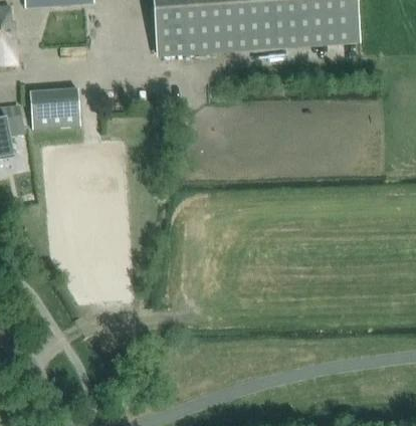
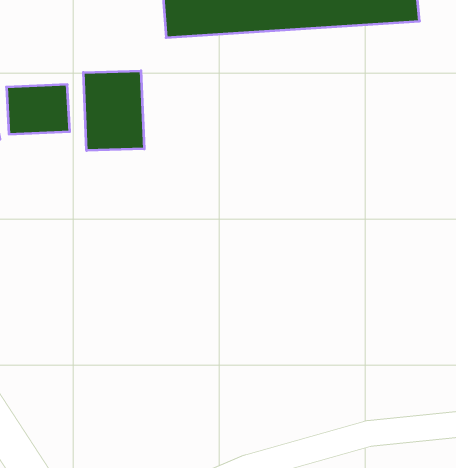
building: none -> [83,71,144,151]

